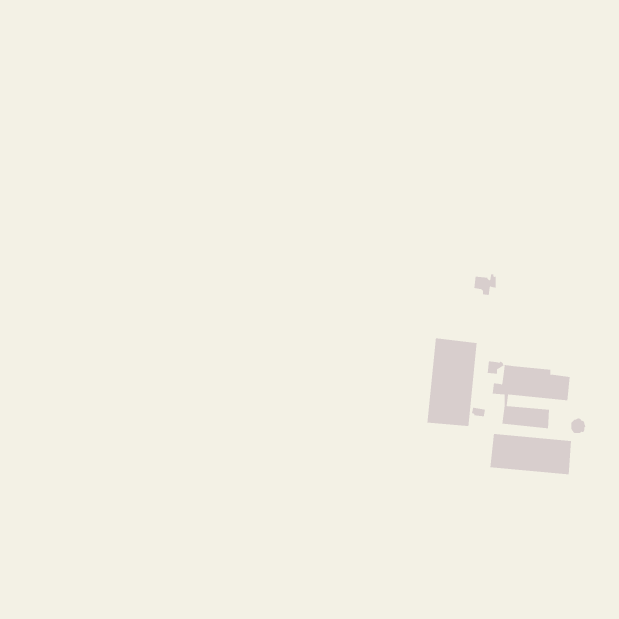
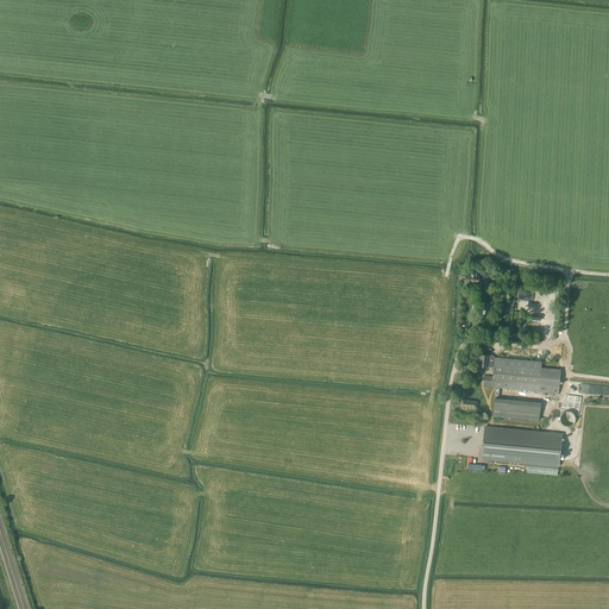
building: [427,337,477,427] -> none

